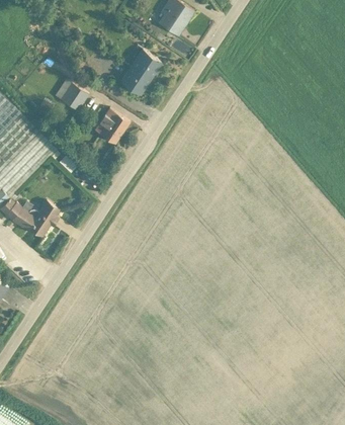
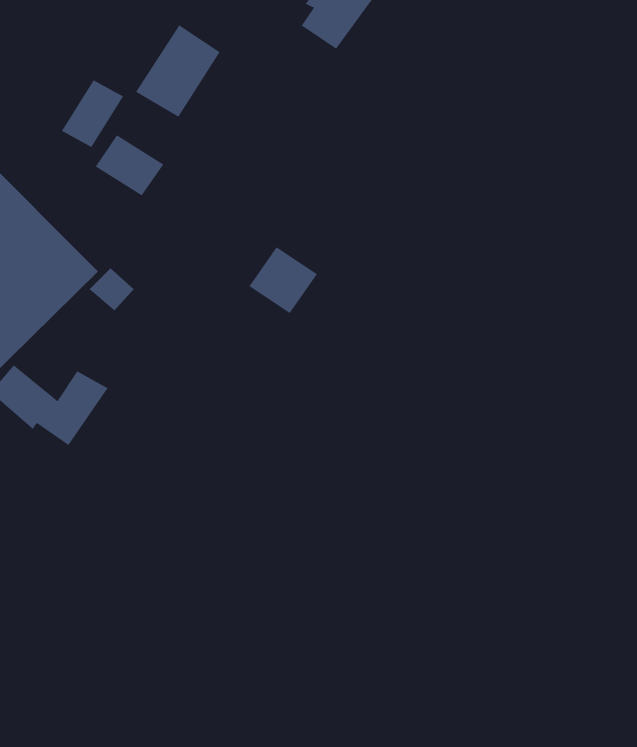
building: [117,48,161,95] -> [135,25,220,118]
building: none -> [61,79,124,148]
building: [93,109,128,144] -> [248,246,318,314]

